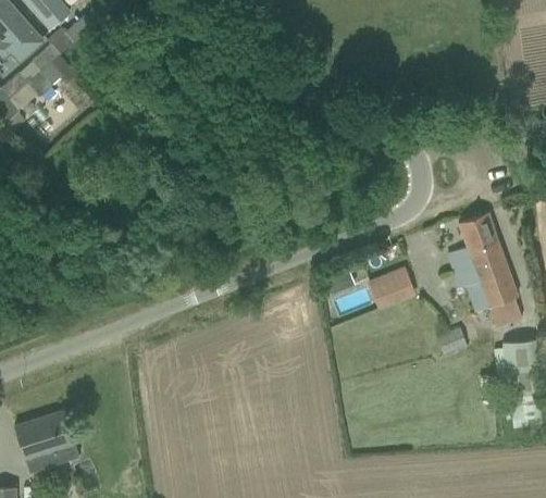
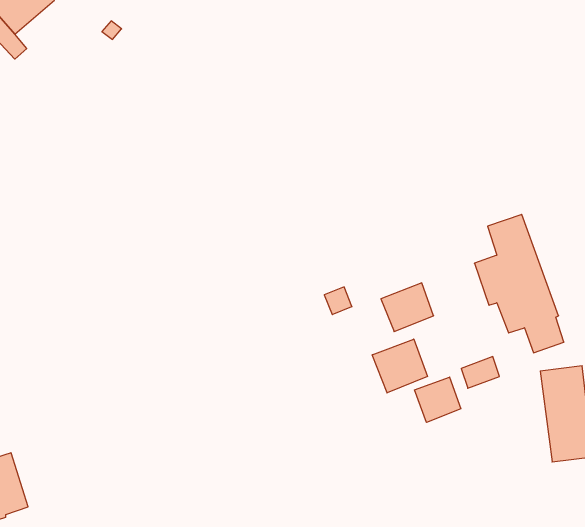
building: none -> [372,339,428,393]
building: none -> [414,377,461,422]

